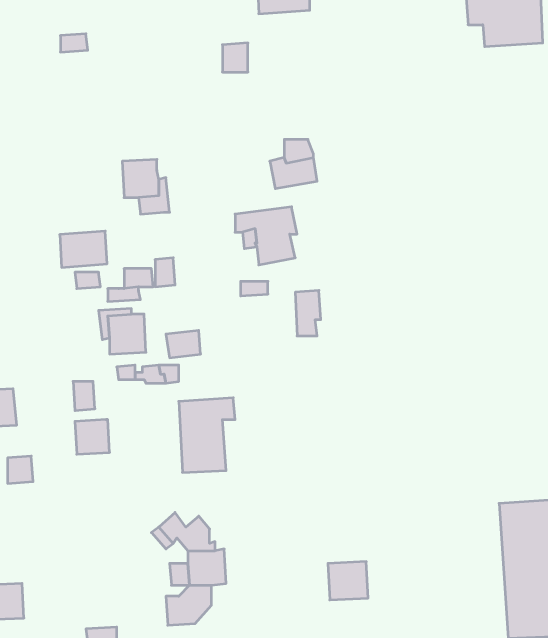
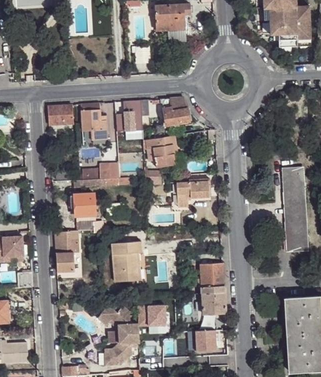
building: none -> [115,101,142,132]
building: [60,231,107,267] -> [47,105,73,125]
building: none -> [284,168,306,251]
building: none -> [189,179,210,198]
building: none -> [200,263,224,288]
building: none -> [202,293,225,314]
building: none -> [137,306,166,327]

